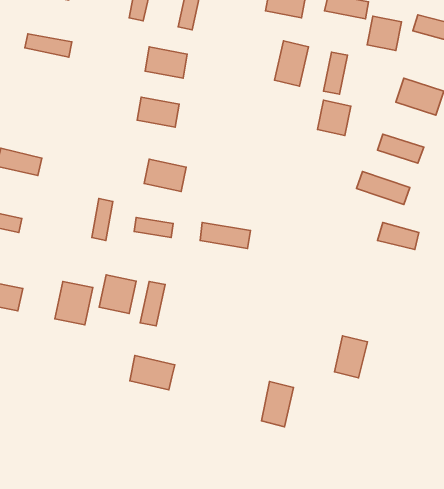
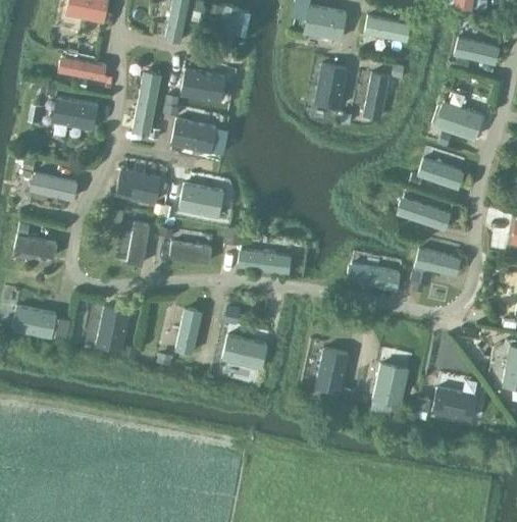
building: [367,16,402,51] -> none
building: none -> [133,70,161,135]
building: none -> [53,98,98,129]
building: [318,100,351,135] -> none
building: none -> [117,170,159,203]
building: none -> [349,263,400,290]
building: [99,275,136,314] -> none
building: [130,356,175,390] -> [222,334,268,369]
building: none -> [432,389,476,420]
building: [261,382,293,427] -> [315,348,348,394]

